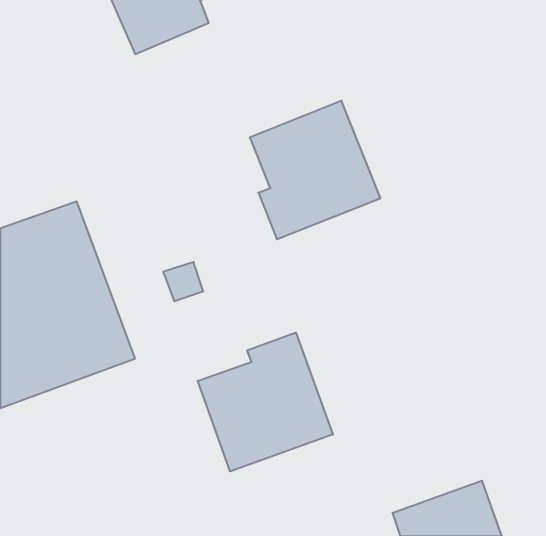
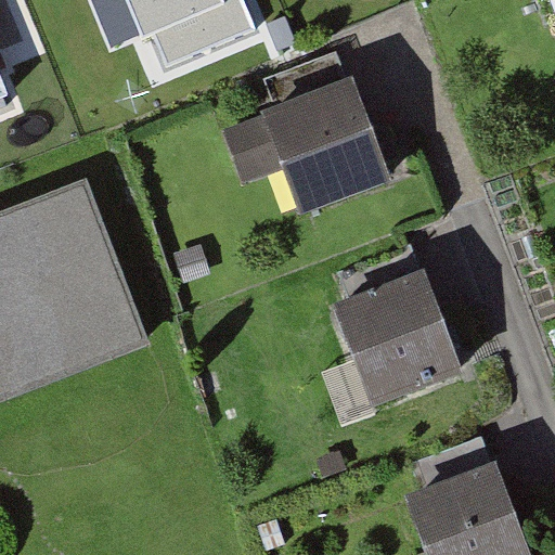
building: none -> [331,286,463,424]
building: [198,333,333,471] -> none

